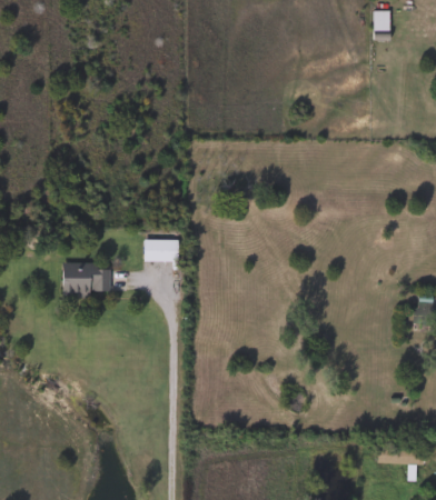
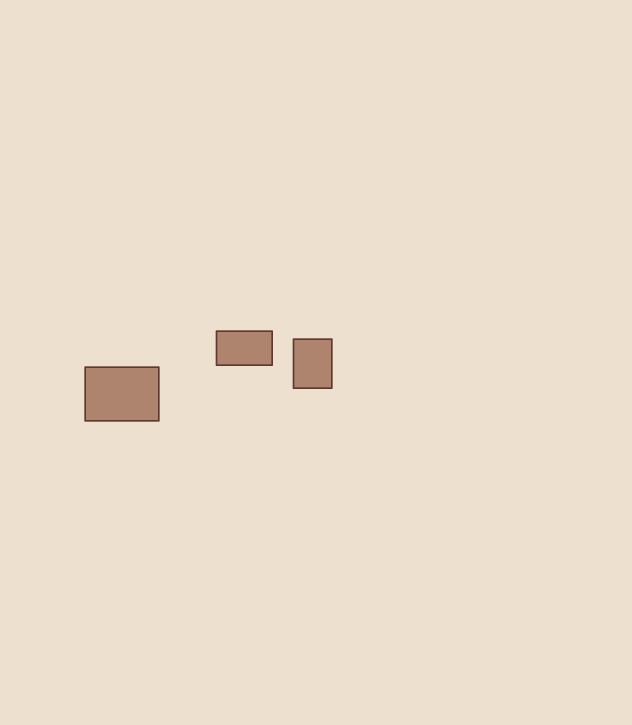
building: none -> [294,339,332,388]

